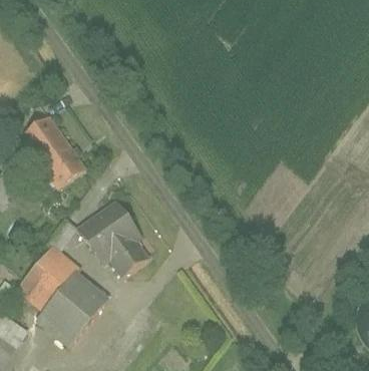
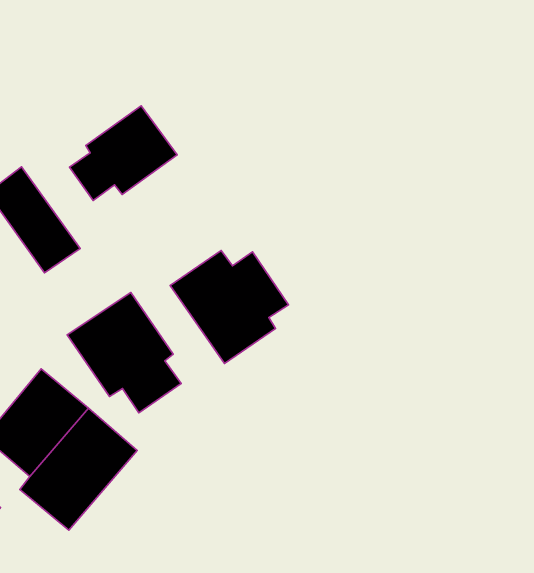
building: none -> [69,106,177,201]
building: none -> [170,250,288,364]

